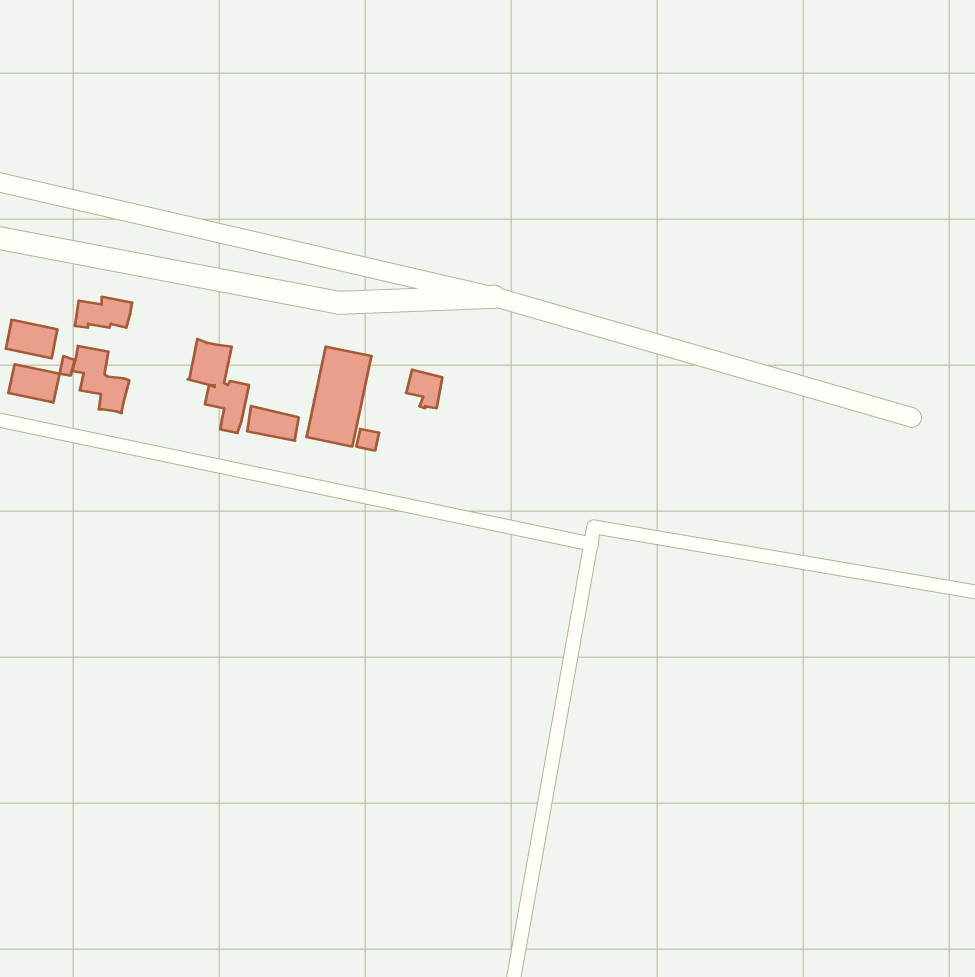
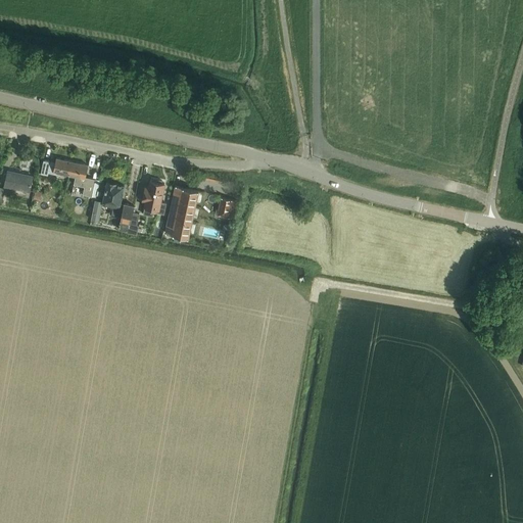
building: none -> [140,181,164,217]
building: [72,346,129,413] -> [67,162,98,198]
building: [9,364,59,403] -> none

